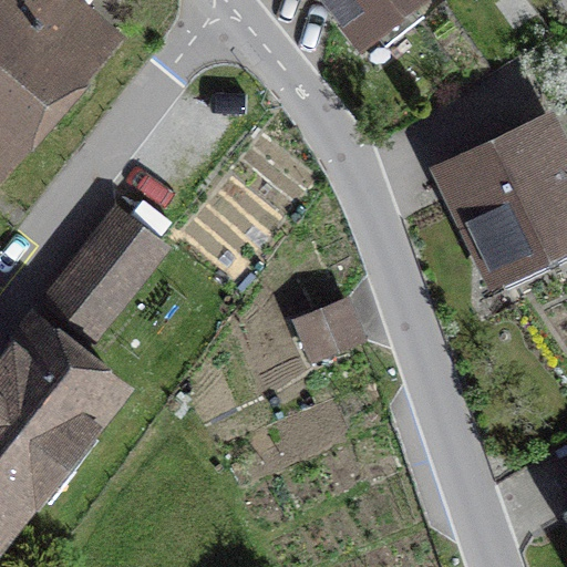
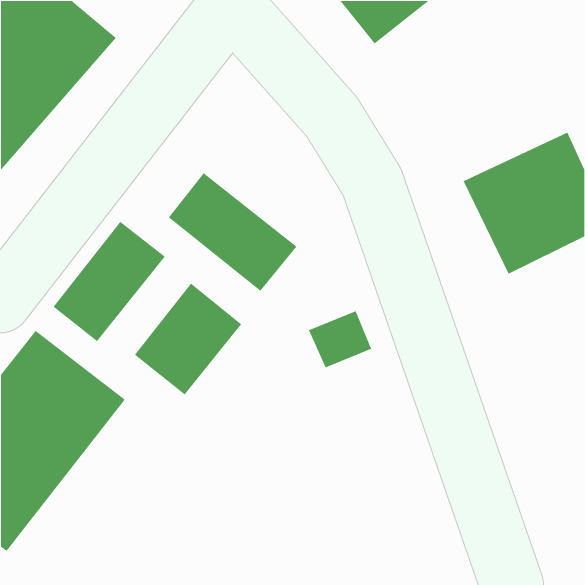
building: none -> [168,172,297,292]
building: none -> [134,283,242,395]

